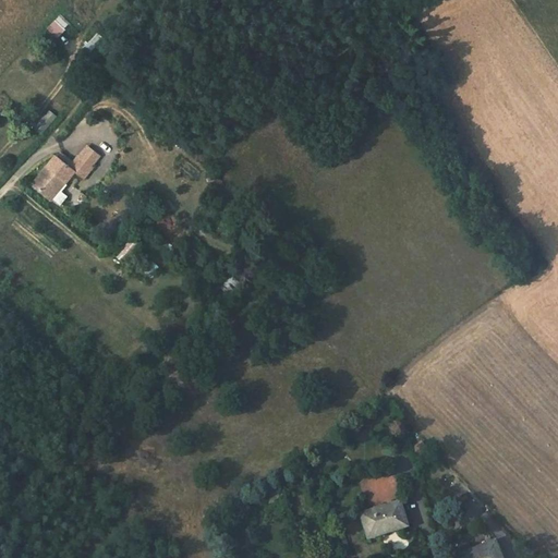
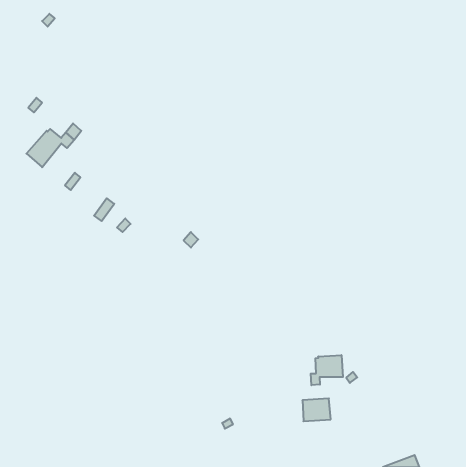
building: none -> [311,355,343,385]
building: [361,504,407,539] -> none

